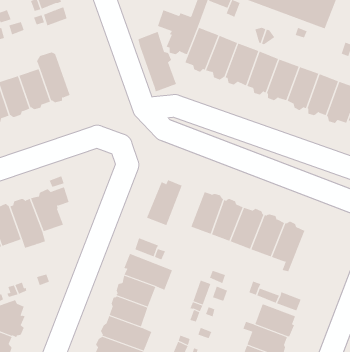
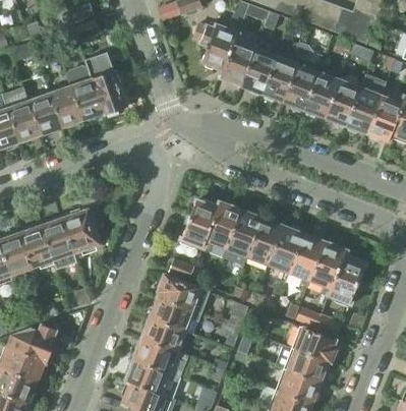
building: [137,31,177,92] -> [85,52,126,115]
building: none -> [202,202,241,249]
building: none -> [329,253,364,302]

